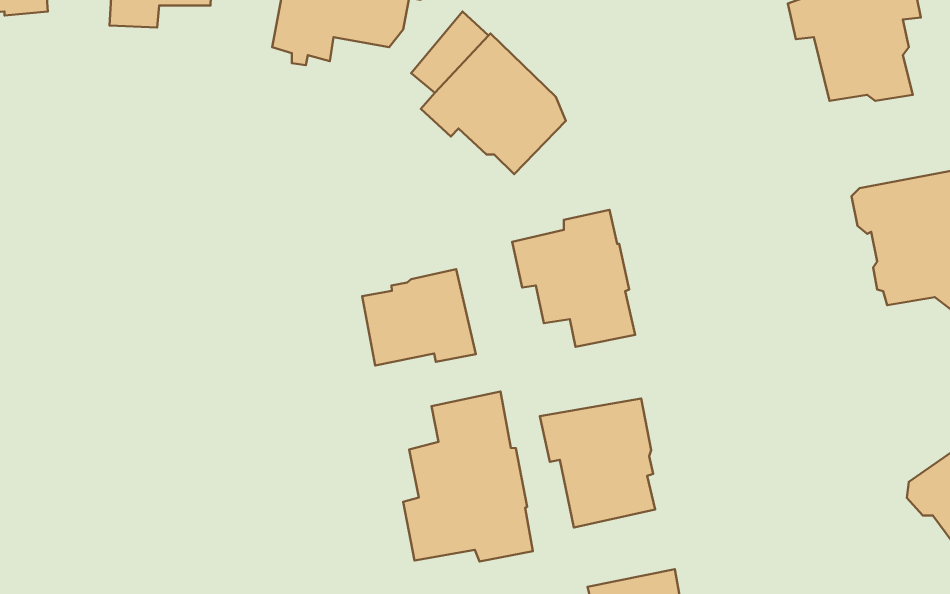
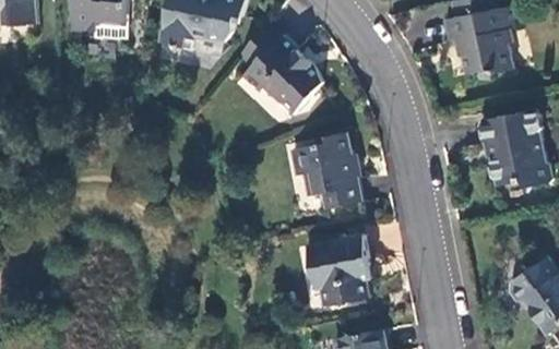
building: [362,269,476,365] -> none
building: [403,392,533,562] -> none

